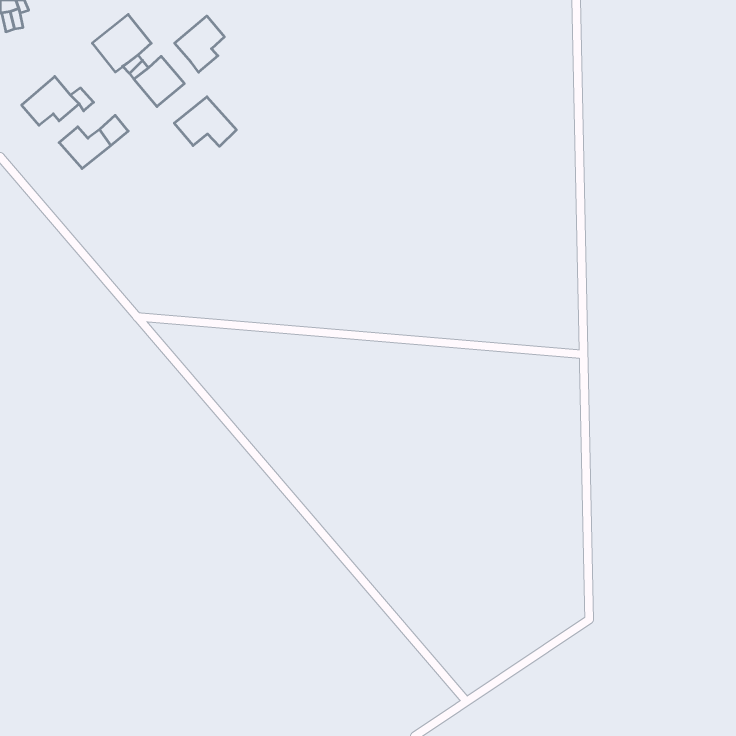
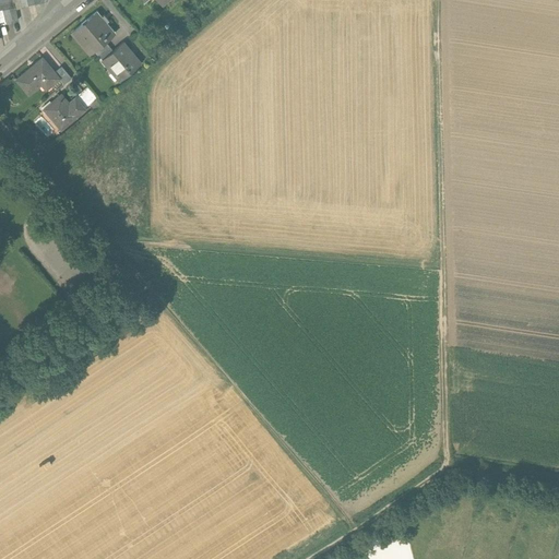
building: [175,16,224,72] -> none
building: [174,97,236,146] -> none

